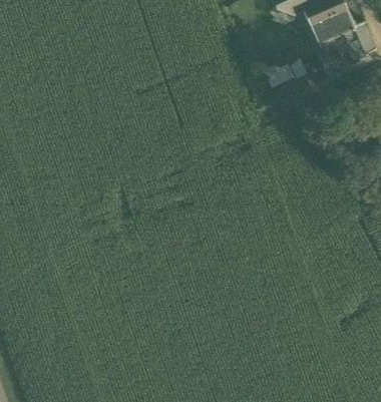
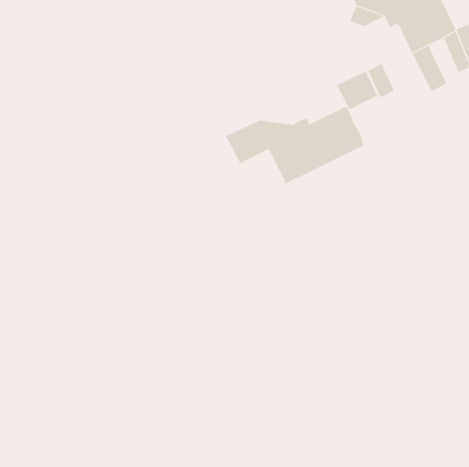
building: none -> [225,105,364,184]

